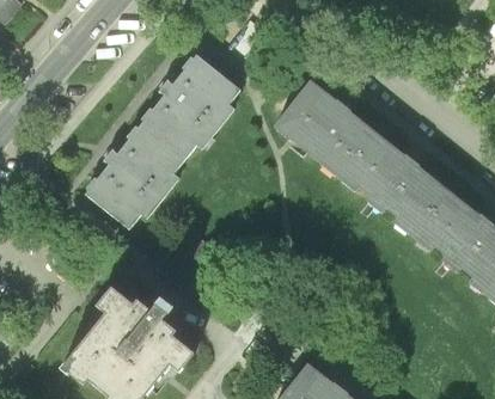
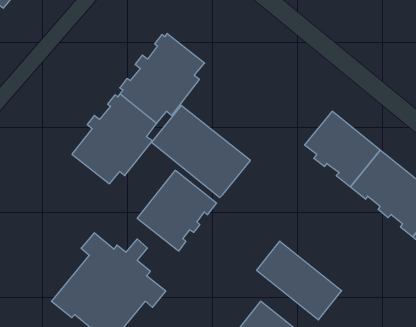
building: [274,79,390,186] -> [151,105,250,197]
building: none -> [137,170,217,251]
building: none -> [257,241,342,320]

